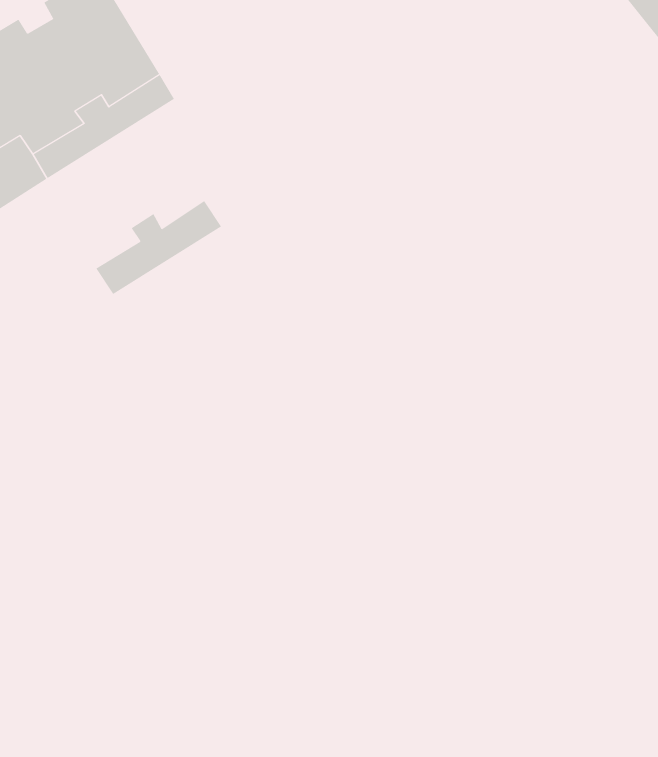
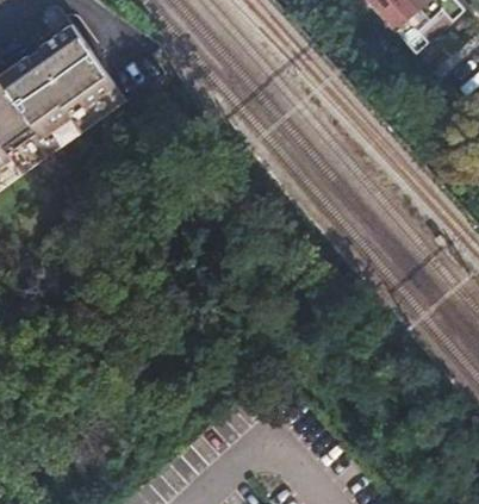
building: [96,200,222,295] -> none

